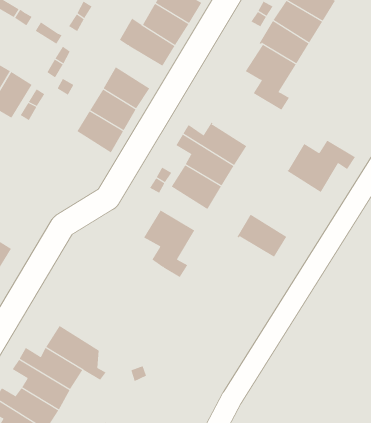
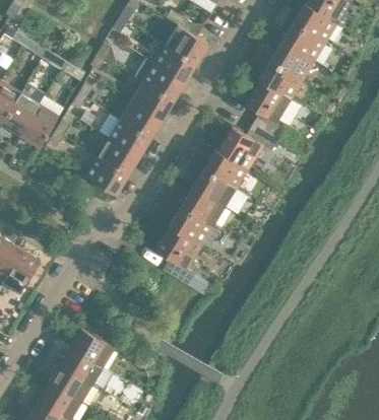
building: none -> [132,81,174,119]
building: none -> [86,156,128,194]
building: [287,140,356,193] -> [217,123,278,169]
building: [236,214,287,258] -> [169,205,213,243]

